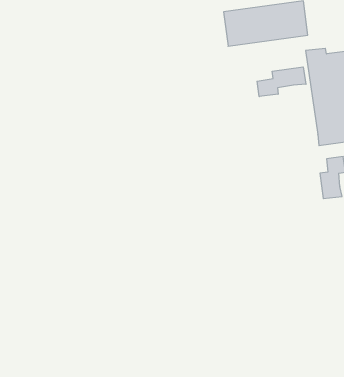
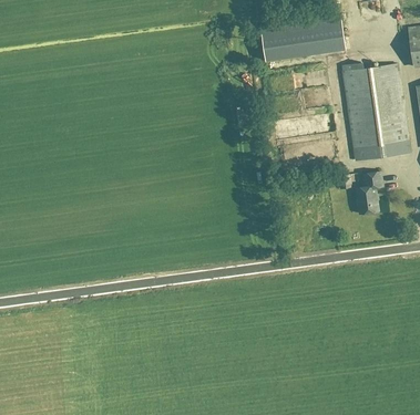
building: [257,67,306,97] -> none

